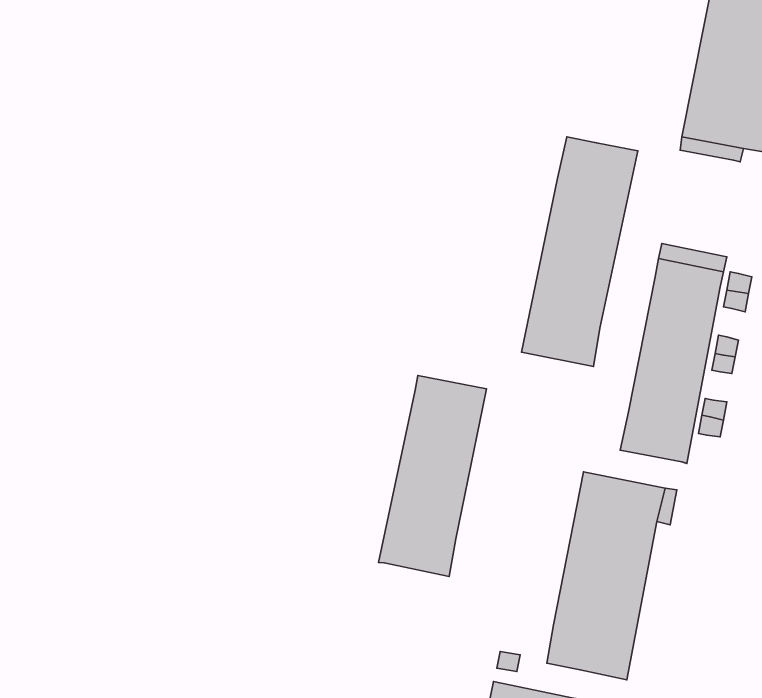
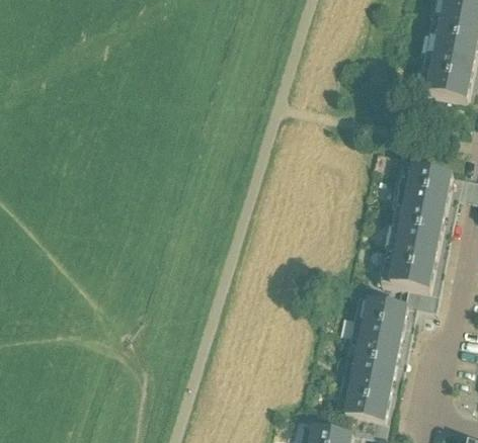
building: [521,137,638,366] -> none
building: [379,375,487,577] -> none

